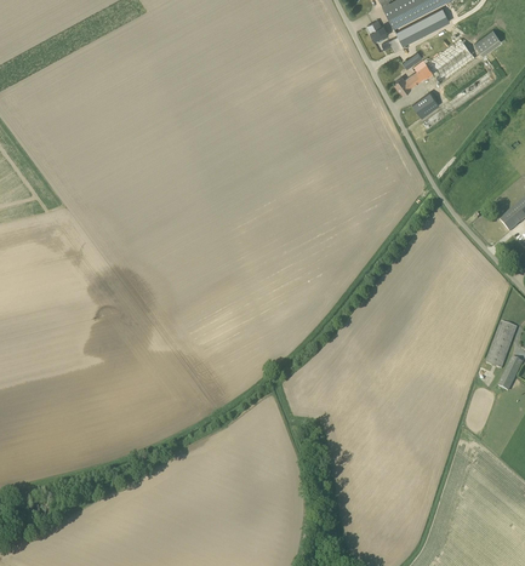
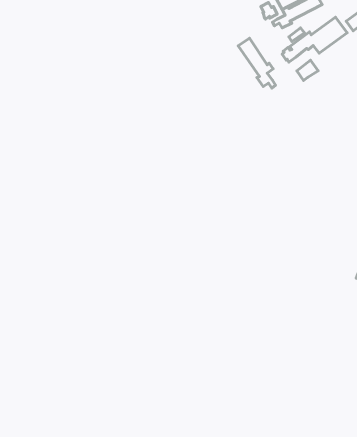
building: none -> [238,38,276,88]

